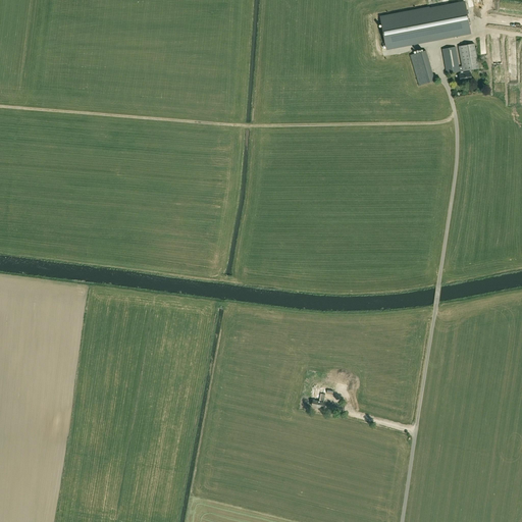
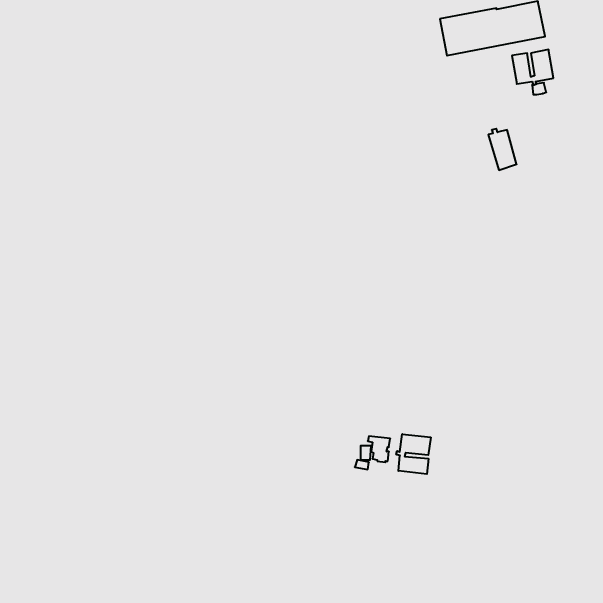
building: [409,49,433,85] -> [488,129,517,170]
building: none -> [396,434,431,474]

